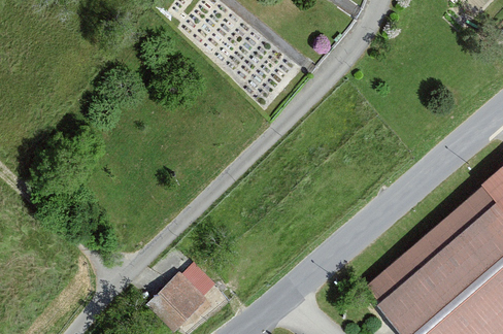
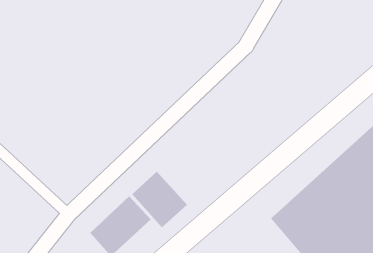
building: none -> [132,171,188,228]

